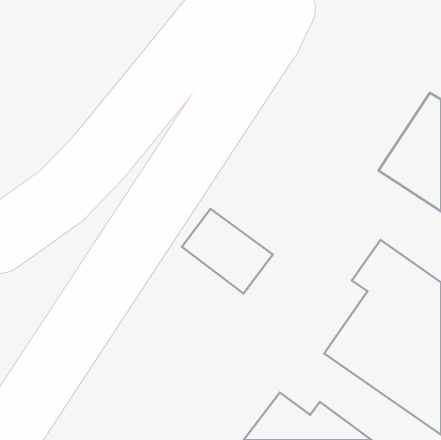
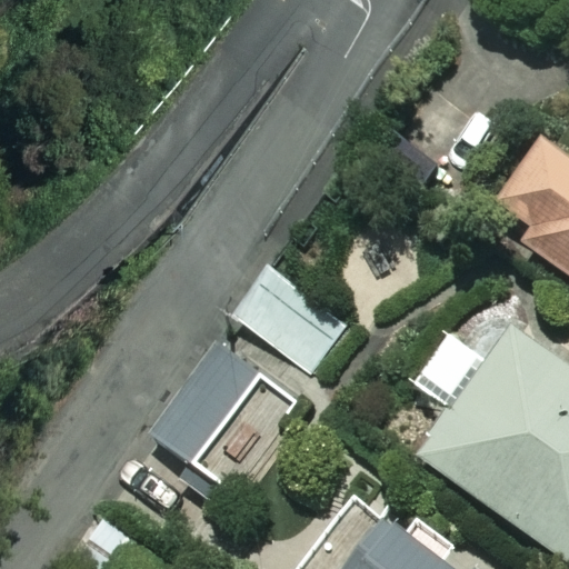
building: none -> [150,343,306,501]

